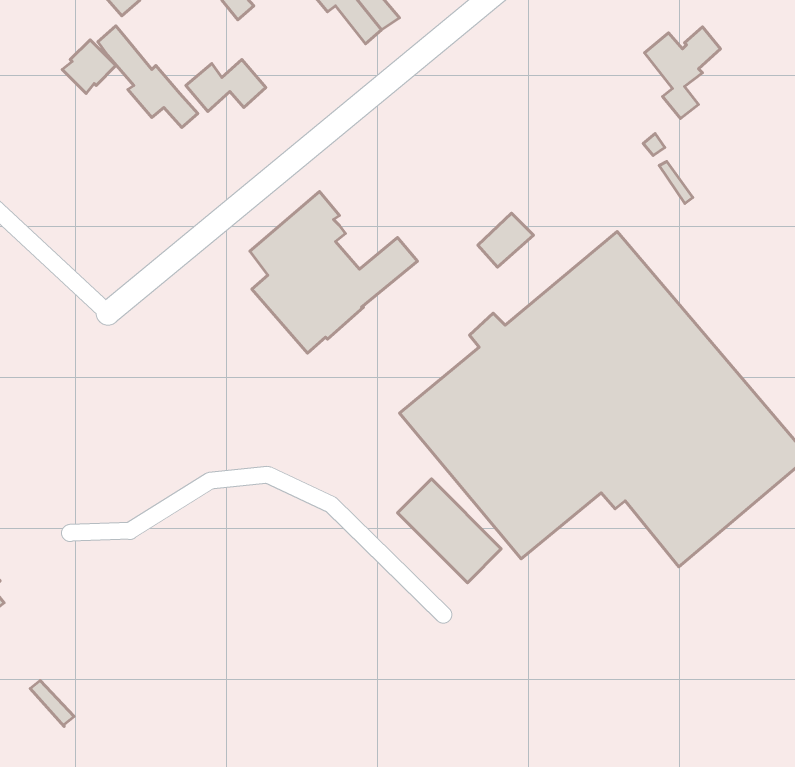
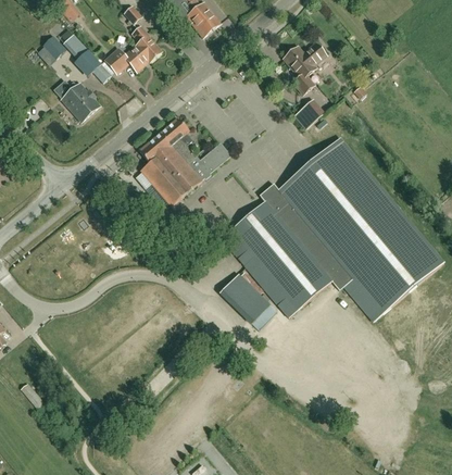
building: none -> [131,26,161,62]
building: [645,27,721,119] -> [284,43,325,93]
building: none -> [53,78,99,122]
building: [478,213,534,267] -> [293,99,324,128]

